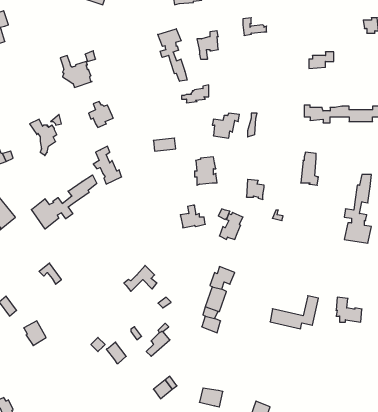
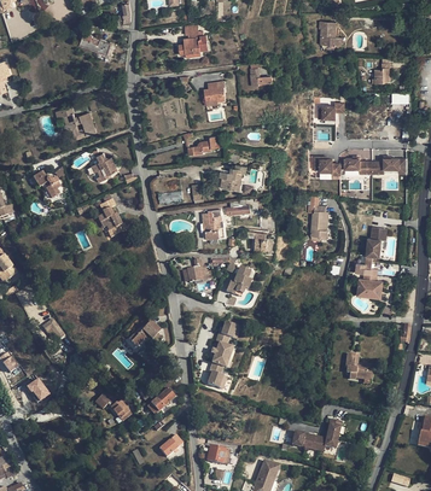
building: [158,29,187,81] -> none
building: [31,175,97,229] -> none
building: [270,296,318,329] -> [292,419,342,452]

